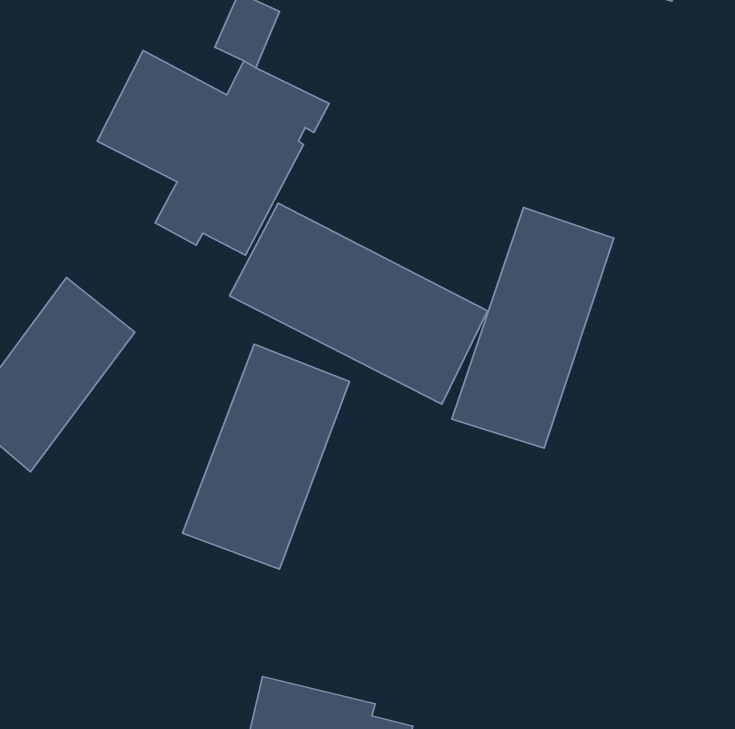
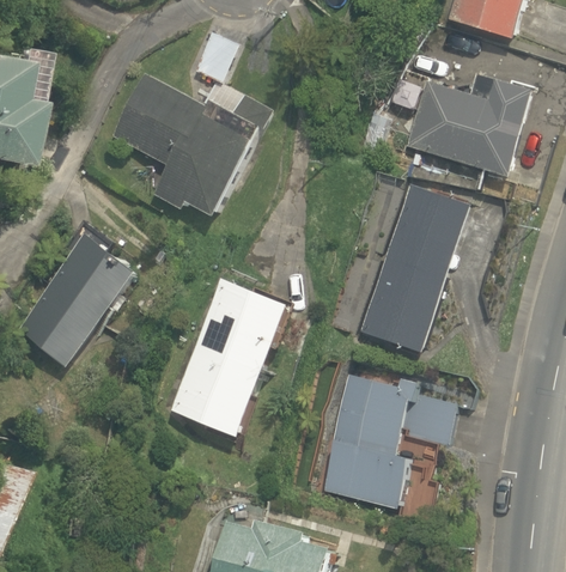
building: none -> [406,73,535,177]
building: [230,203,488,404] -> none
building: none -> [322,375,455,509]

